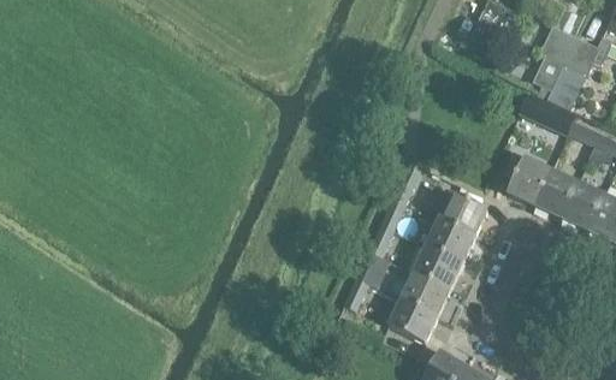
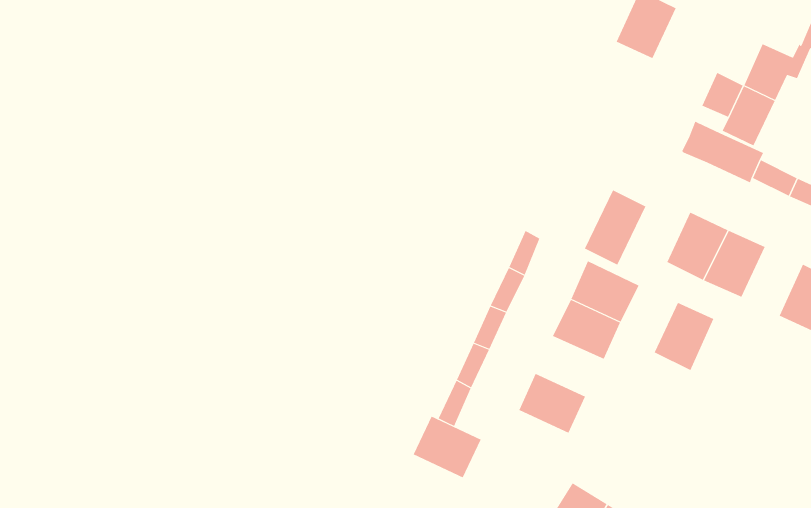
building: [540,24,576,65] -> none
building: none -> [584,190,646,265]
building: [562,180,605,230] -> [654,302,714,371]
building: [414,244,463,287] -> none
building: [389,297,438,342] -> [413,416,482,478]

